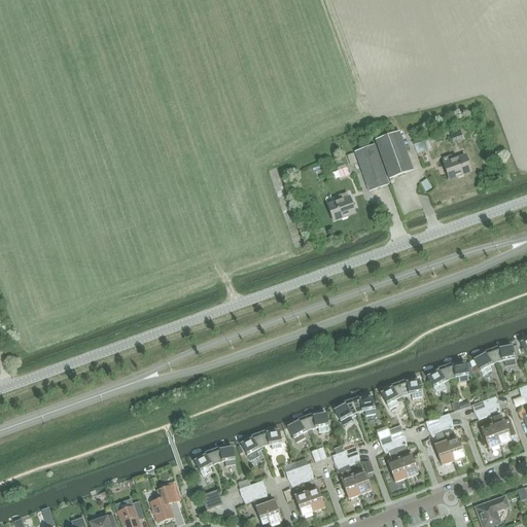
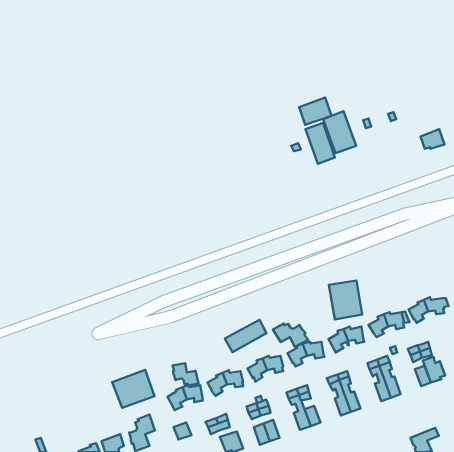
building: none -> [299,97,332,125]
building: [443,152,470,175] -> [421,129,445,149]
building: [326,190,353,219] -> none
building: none -> [329,281,362,320]
building: none -> [225,320,266,352]
building: none -> [273,324,308,347]
building: none -> [172,363,198,385]
building: none -> [112,370,154,408]

